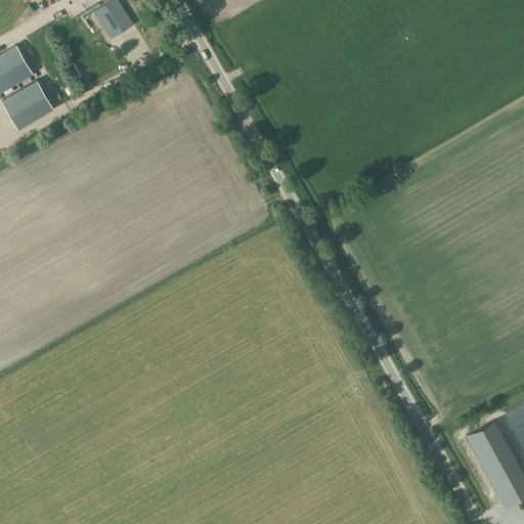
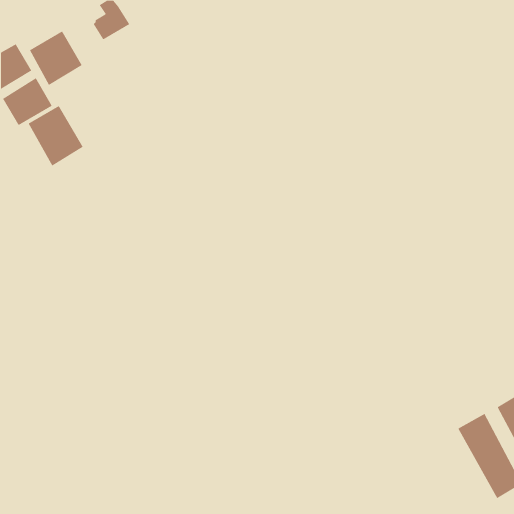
building: none -> [29,30,83,86]
building: none -> [28,105,84,166]

